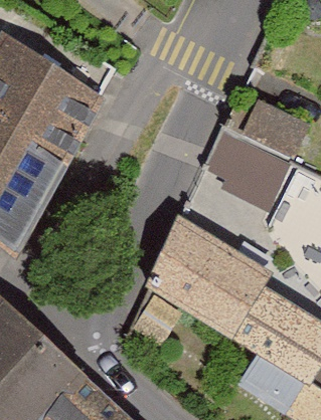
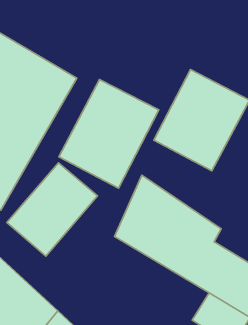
building: none -> [59,79,159,188]
building: none -> [7,163,97,256]

